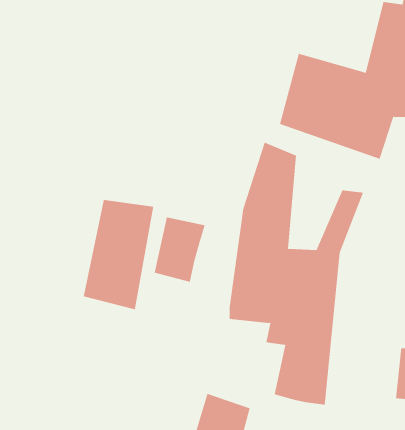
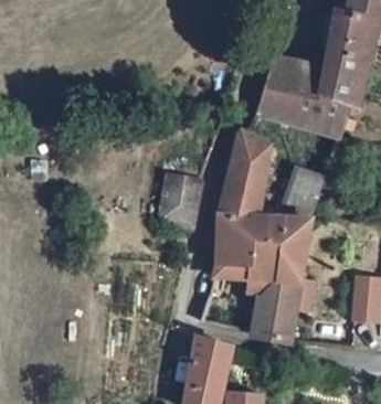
building: [83,199,154,310] -> none

